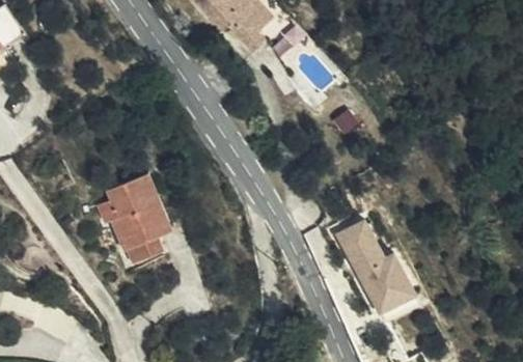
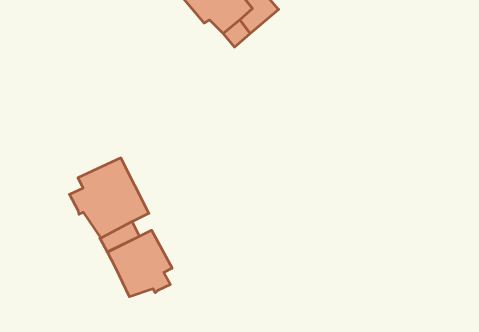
building: [336,218,419,317] -> none
building: none -> [108,230,172,297]

